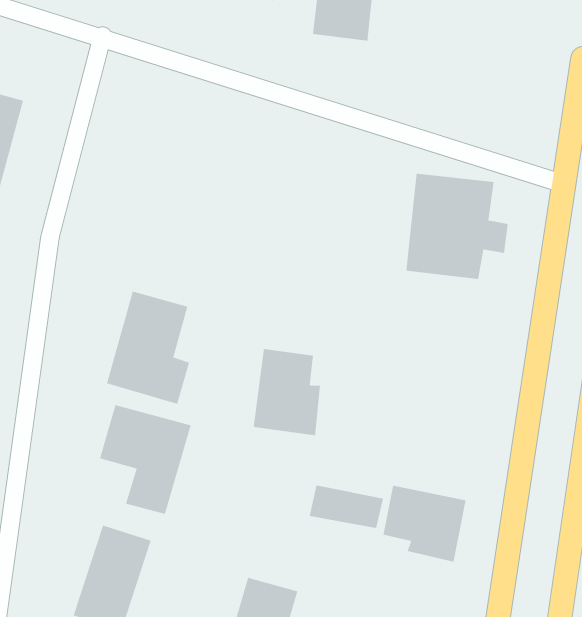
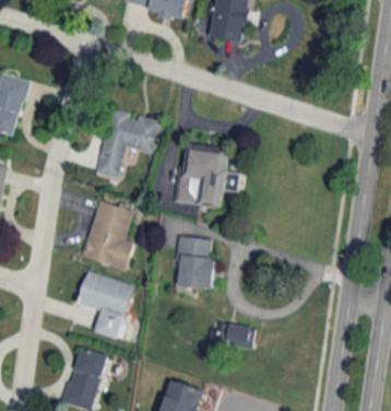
building: none -> [96,110,159,178]
building: [405,173,508,280] -> [176,142,240,209]
building: [383,485,466,563] -> none

